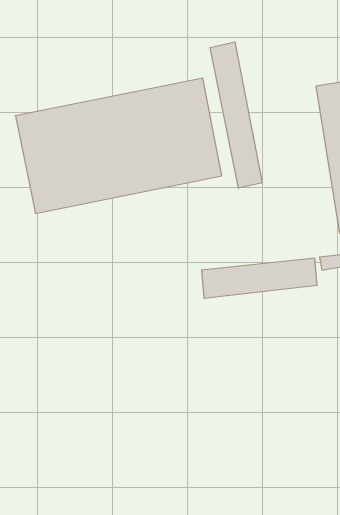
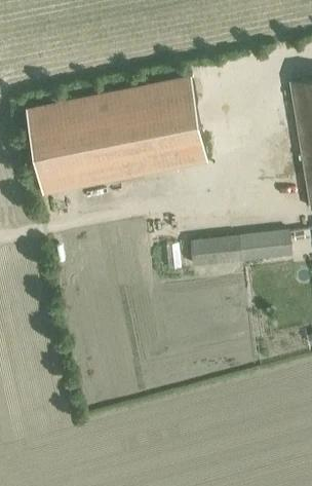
building: [210,42,262,188] -> none

